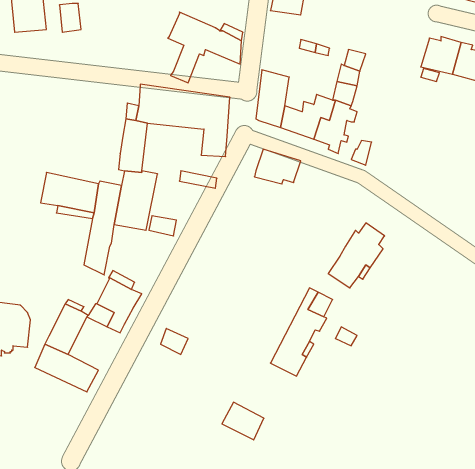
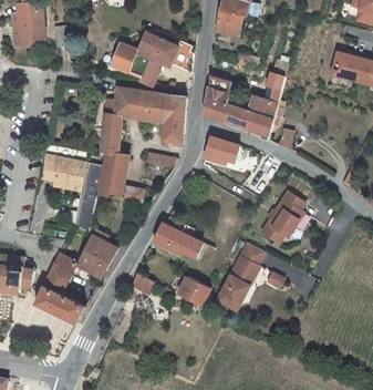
building: none -> [112,42,149,76]
building: none -> [153,223,206,258]
building: [222,402,264,440] -> [177,277,209,306]

